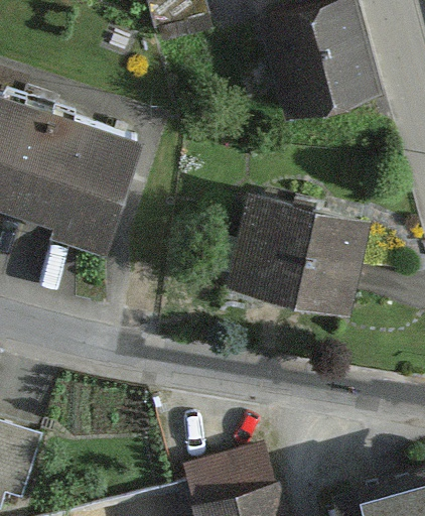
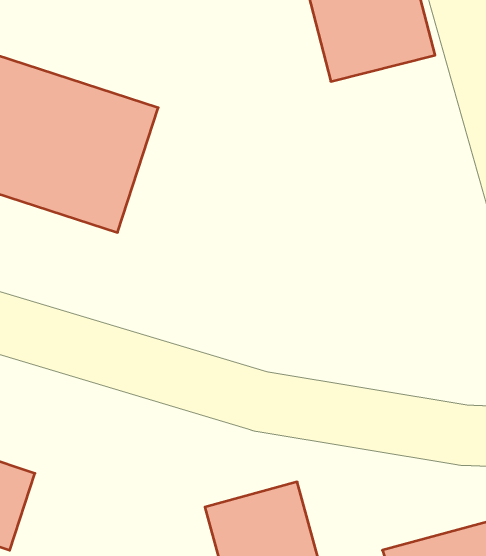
building: [232,203,366,320] -> none

